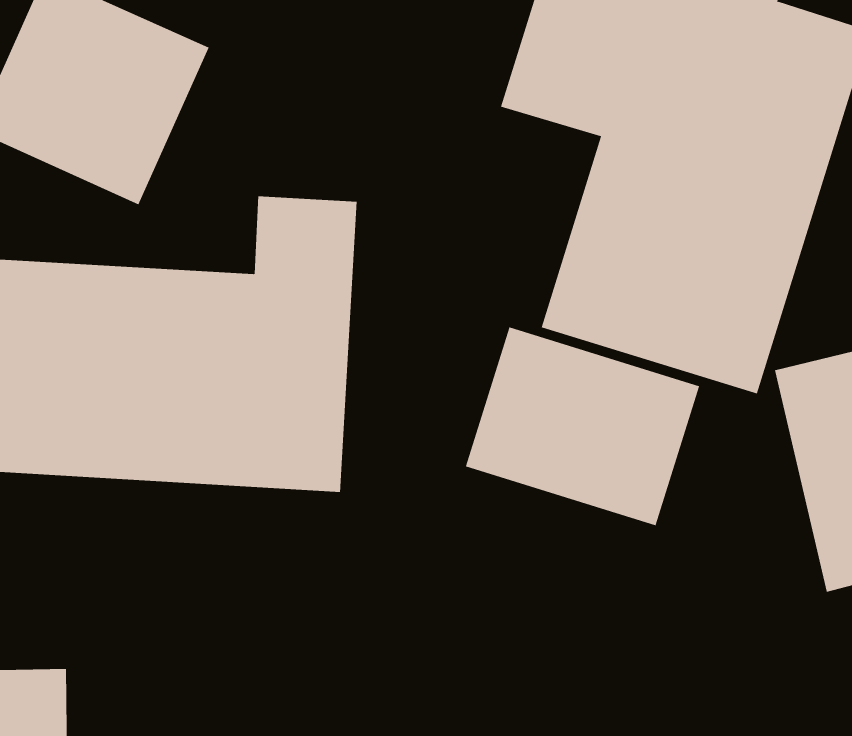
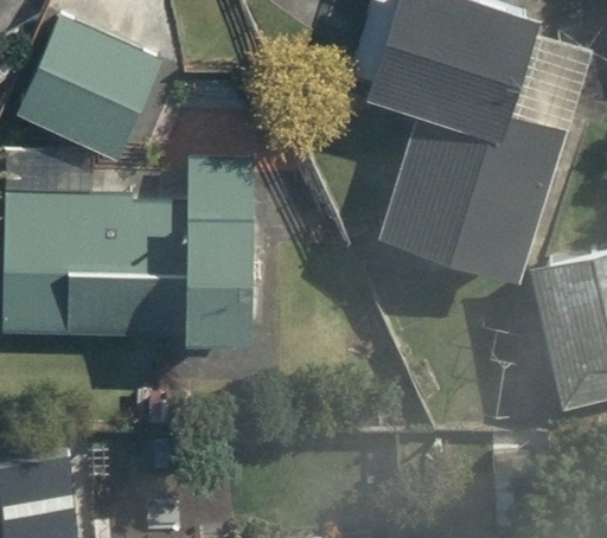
building: [465,326,700,526] -> none

